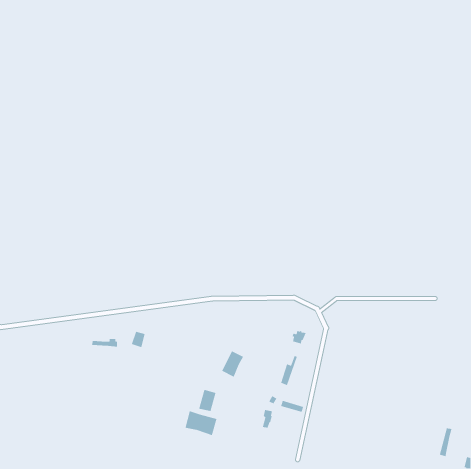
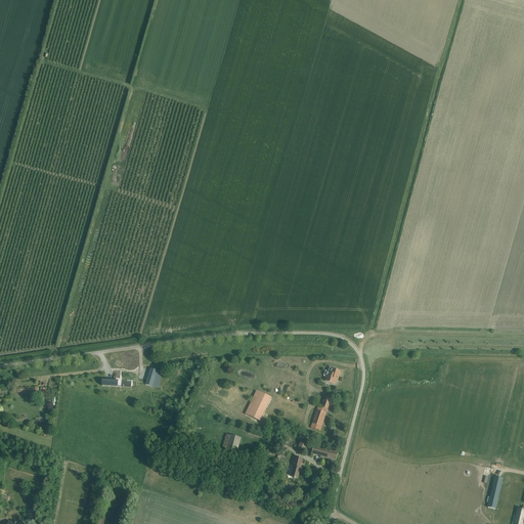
building: [185,410,217,436] -> none

